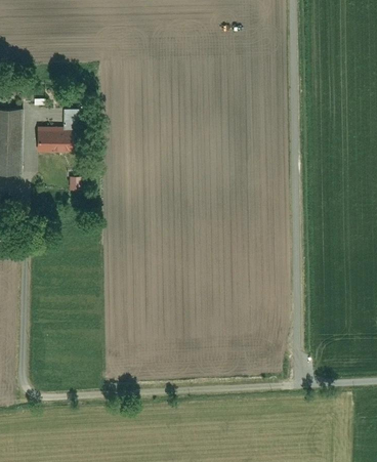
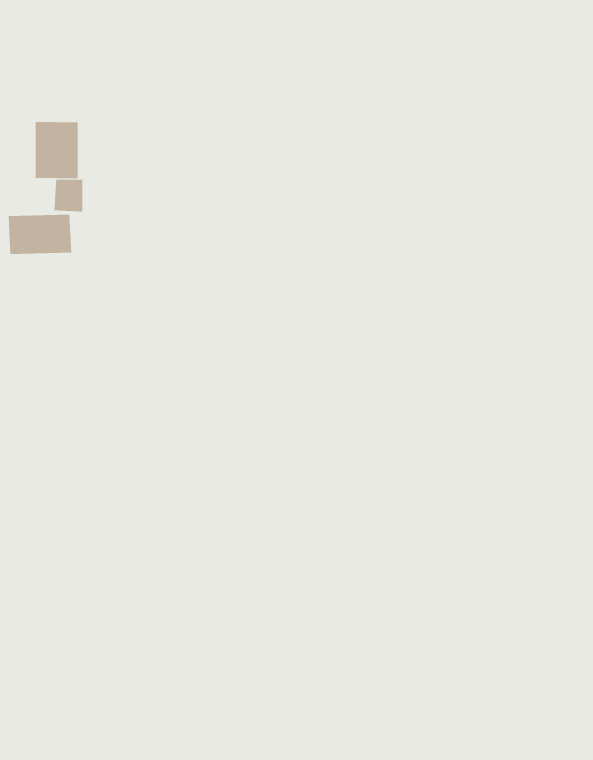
building: none -> [35,121,78,179]

